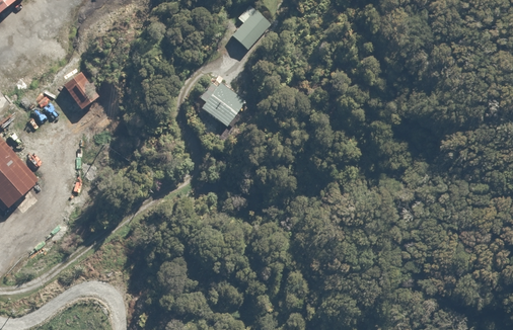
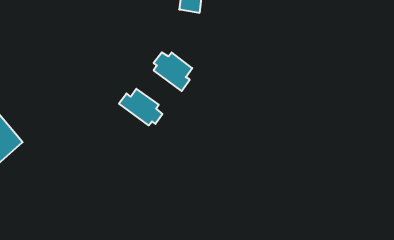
building: [61,69,100,109] -> none
building: none -> [119,89,162,125]

